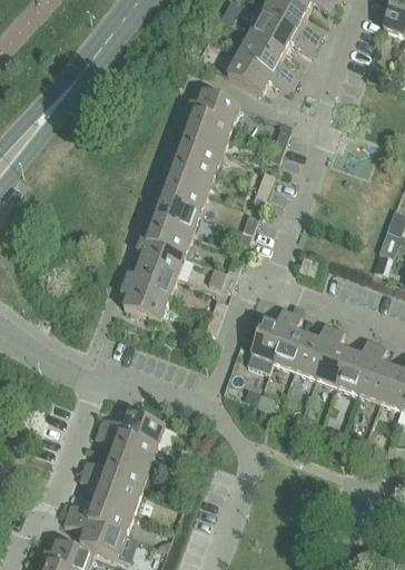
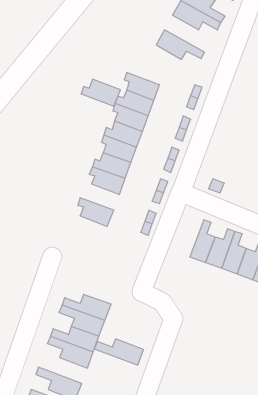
building: [238,31,298,81] -> none
building: [187,89,240,126] -> [81,79,120,106]
building: [124,261,177,296] -> none
building: [250,305,292,360] -> none
building: [67,497,134,532] -> [94,339,143,365]

